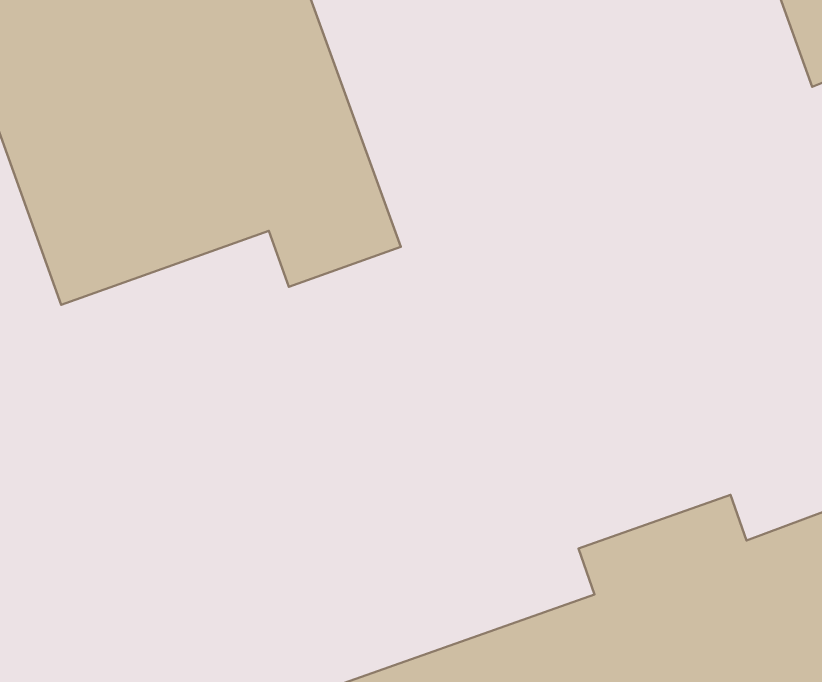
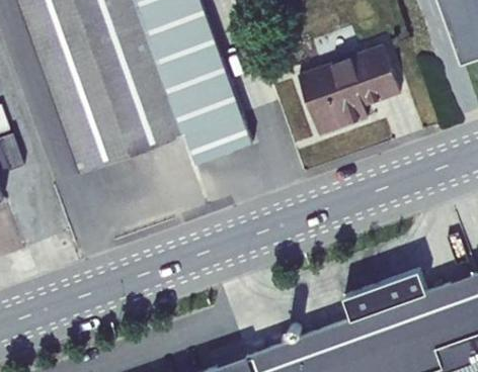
building: none -> [297,43,400,134]

